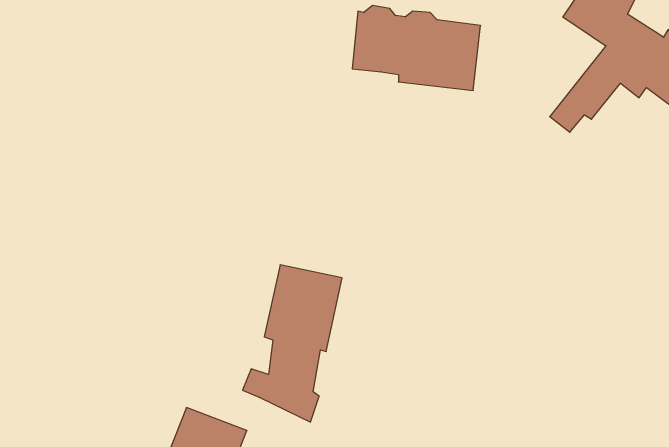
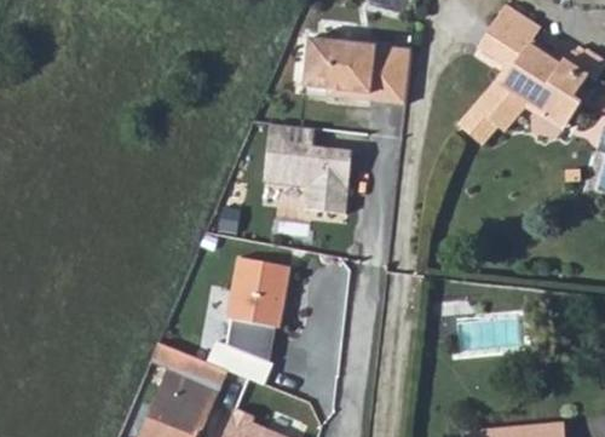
building: none -> [269,126,356,215]
building: none -> [149,340,223,393]

